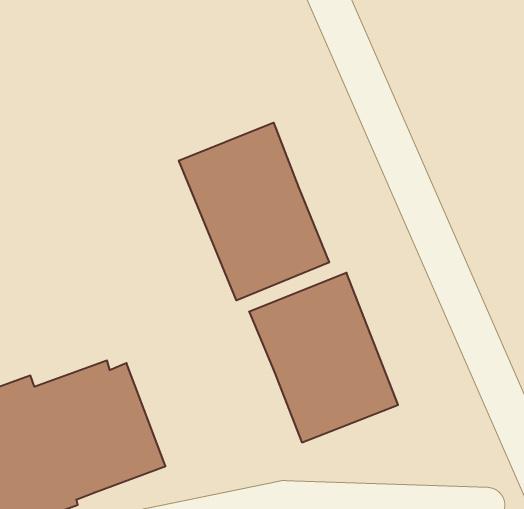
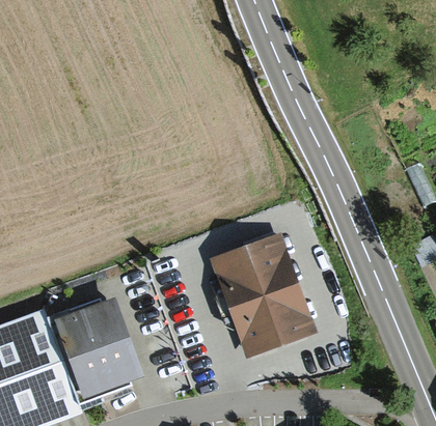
building: [179,123,329,300] -> none

